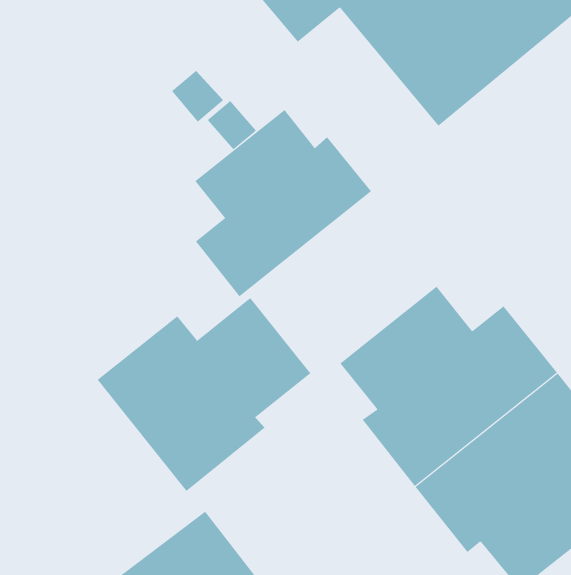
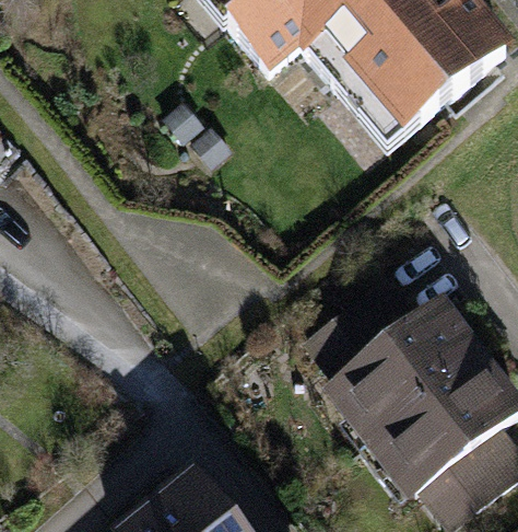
building: [195,109,372,297] -> none
building: [97,297,311,492] -> none

